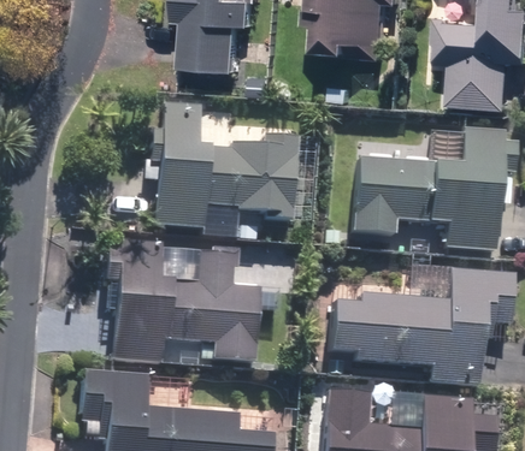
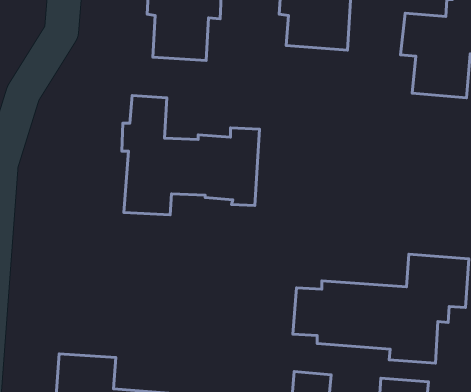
building: [353,129,505,248] -> none
building: [111,243,259,362] -> none

